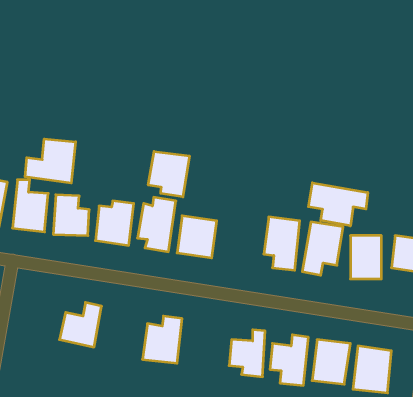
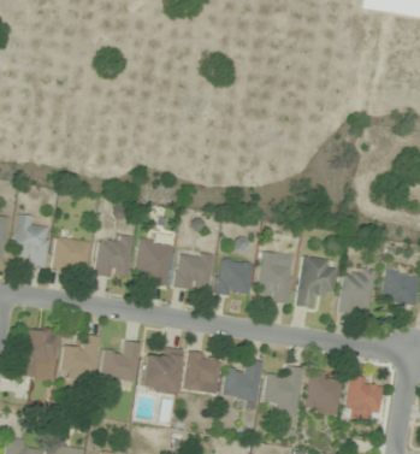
building: [25,139,76,183] -> none
building: [148,151,189,197] -> none
building: [308,183,368,226] -> none
building: none -> [214,259,254,299]
building: none -> [19,329,60,382]
building: none -> [101,341,141,382]
building: none -> [182,352,220,393]

